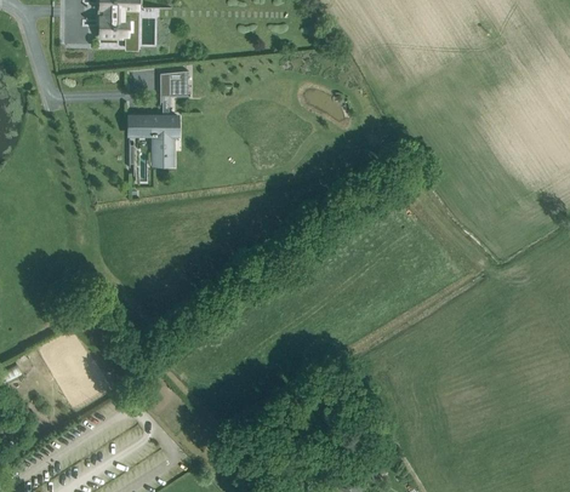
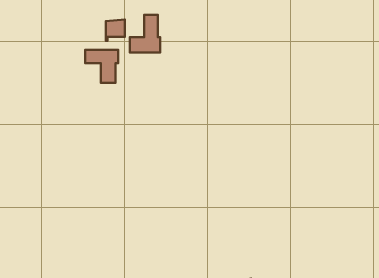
building: none -> [130,15,160,52]

